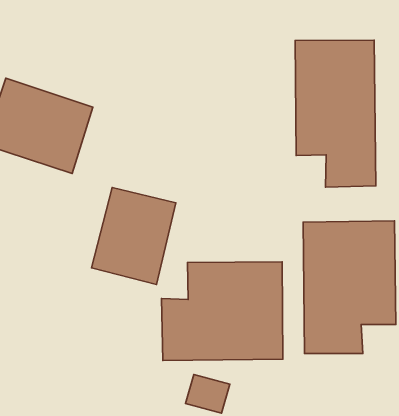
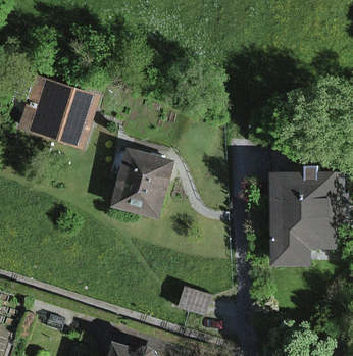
building: [295,40,376,187] -> none
building: [162,262,283,360] -> none

